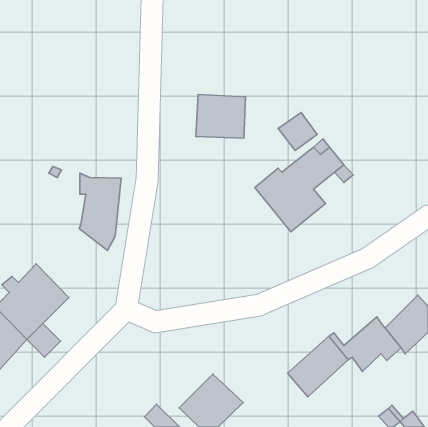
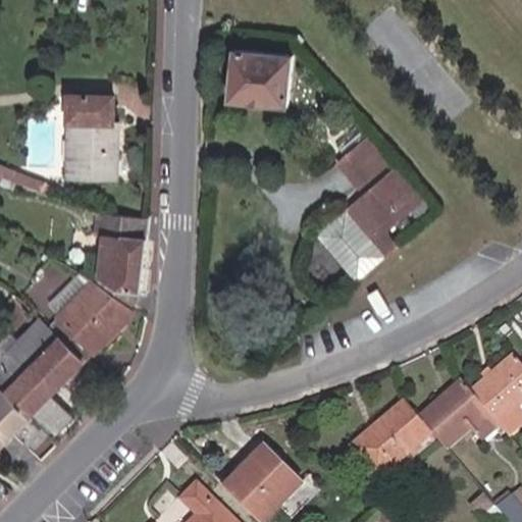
building: none -> [69,93,121,176]
building: [196,94,245,138] -> [228,49,289,102]
building: none -> [21,271,135,361]

